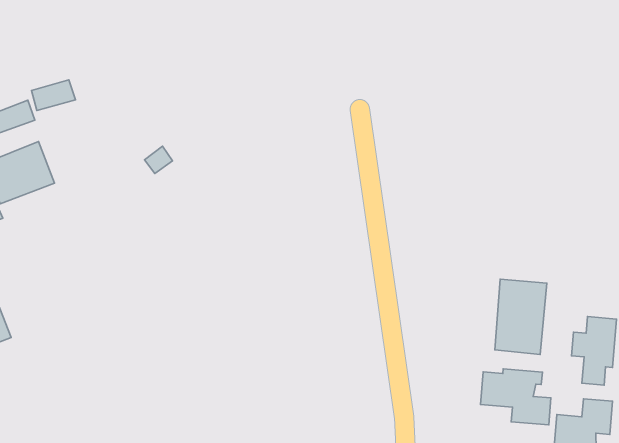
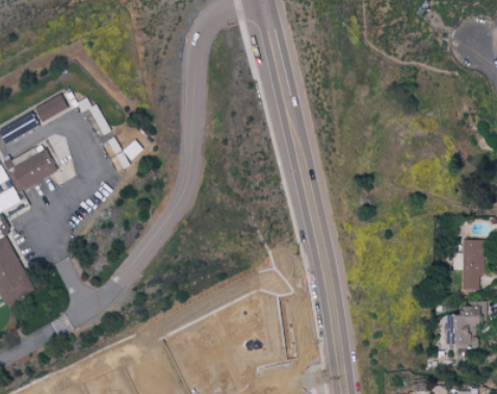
building: [495,279,547,354] -> none
building: [480,369,551,425] -> none

